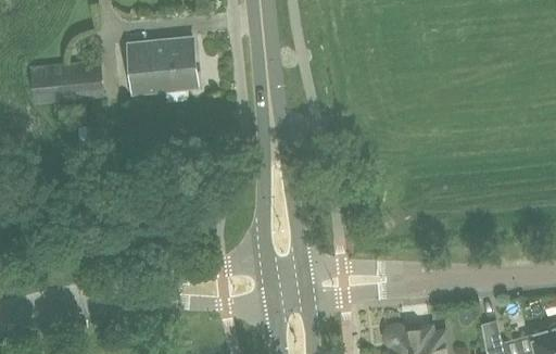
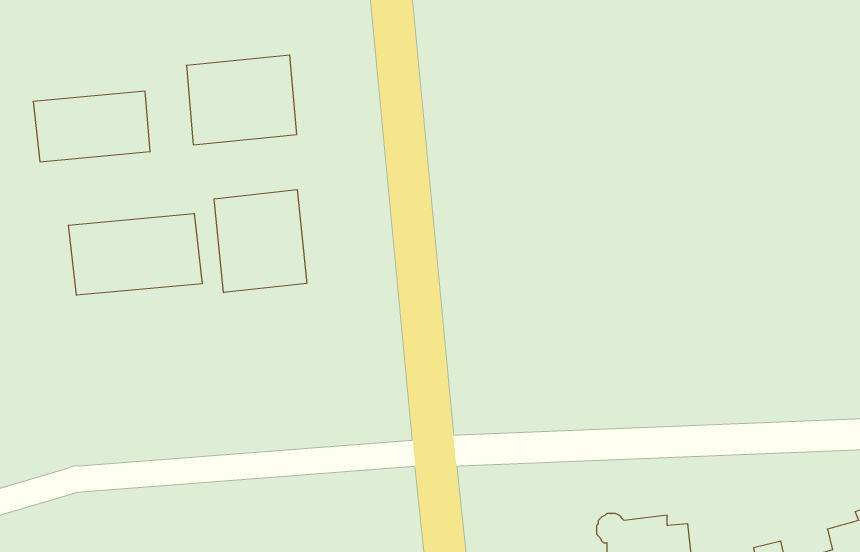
building: none -> [214,190,307,293]
building: none -> [69,213,202,295]

